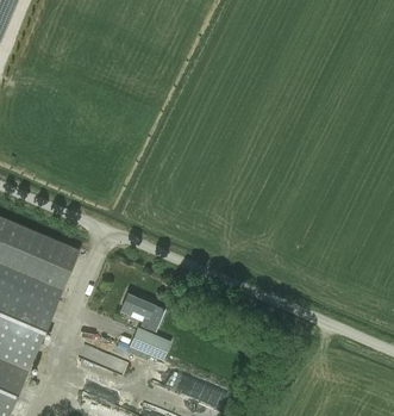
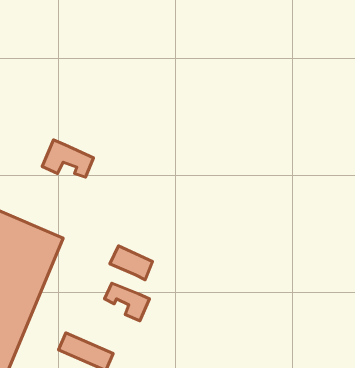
building: none -> [42,140,93,177]
building: [130,327,171,360] -> [110,246,152,280]

